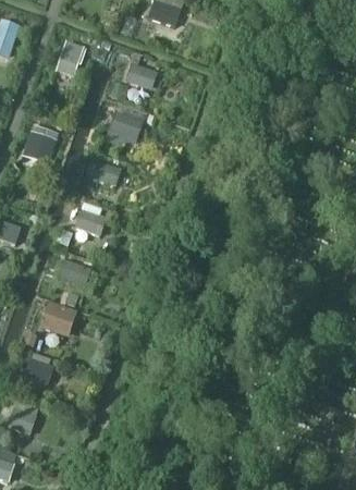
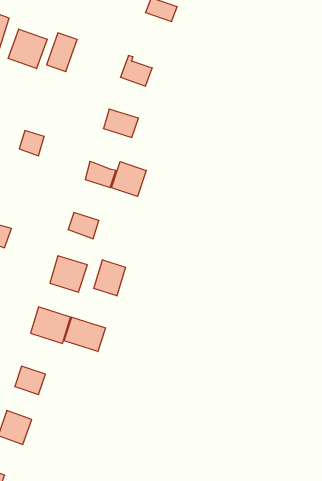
building: none -> [8,29,47,69]
building: none -> [111,162,146,196]
building: none -> [94,260,126,296]
building: none -> [64,317,106,352]

